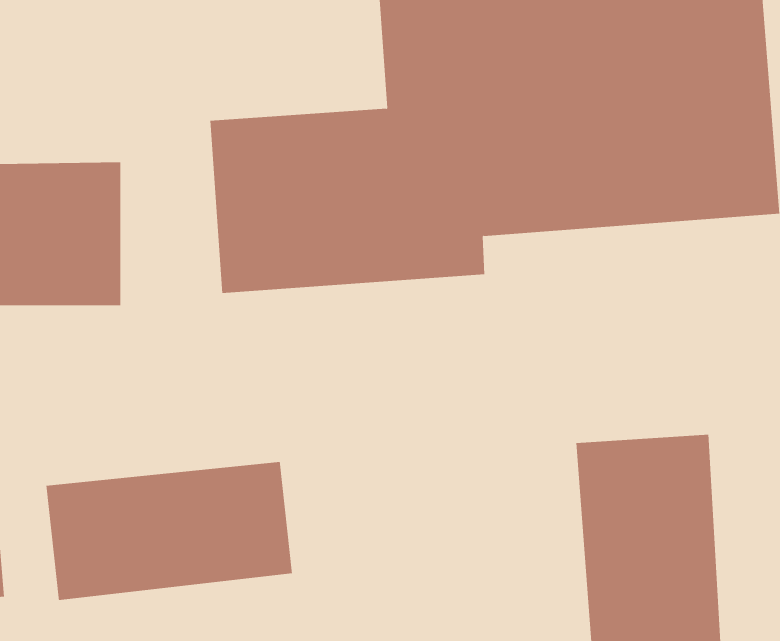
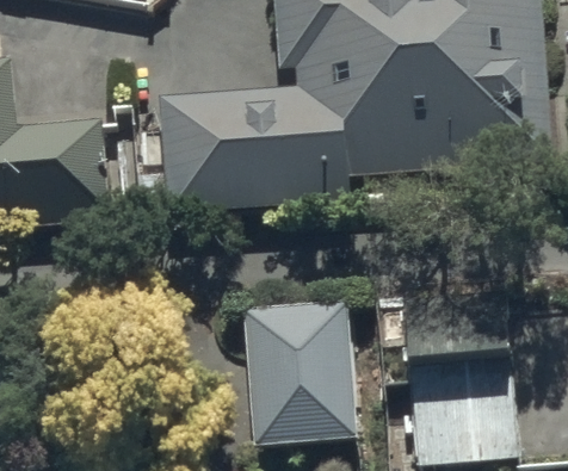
building: none -> [230,300,371,445]
building: [46,461,292,601] -> none

